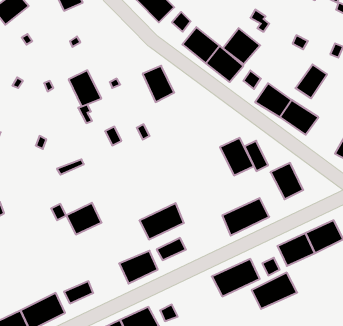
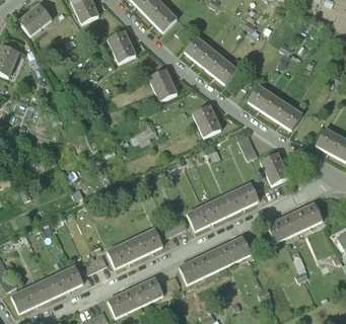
building: [223,28,260,64] -> none
building: [295,64,327,98] -> none
building: [69,70,101,107] -> [108,29,136,61]
building: [220,138,254,175] -> [192,104,221,137]
building: [66,203,102,234] -> [107,240,137,267]
building: [139,203,184,239] -> [187,198,225,230]
building: [252,273,297,309] -> [179,251,218,282]

